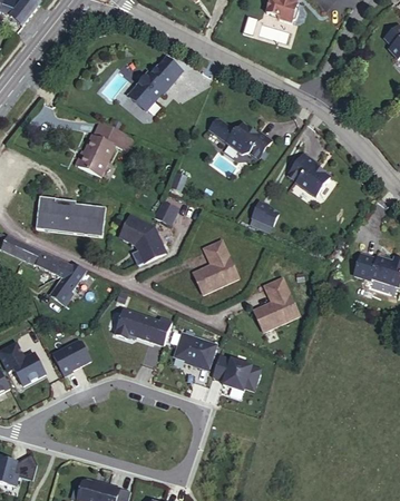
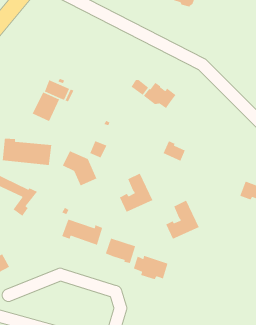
building: [126,55,181,108] -> none
building: [287,153,330,196] -> none
building: [53,342,90,375] -> none

